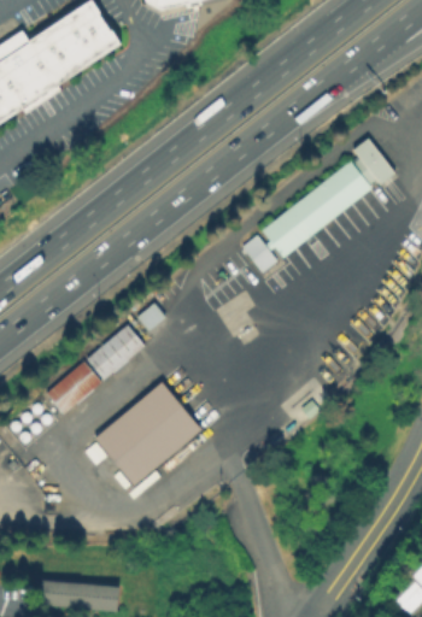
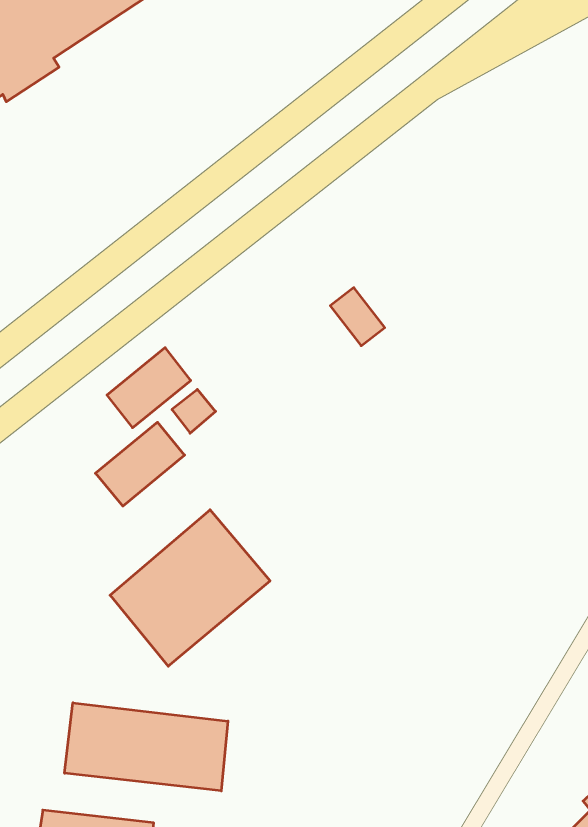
building: [260,137,394,258] -> none
building: [45,360,100,413] -> [107,348,191,428]
building: none -> [65,703,228,791]

